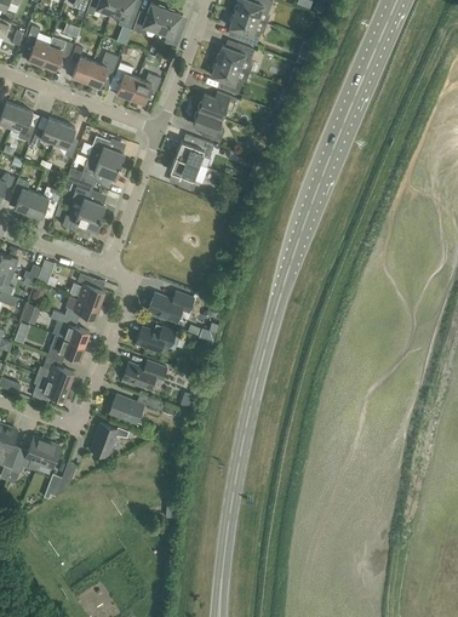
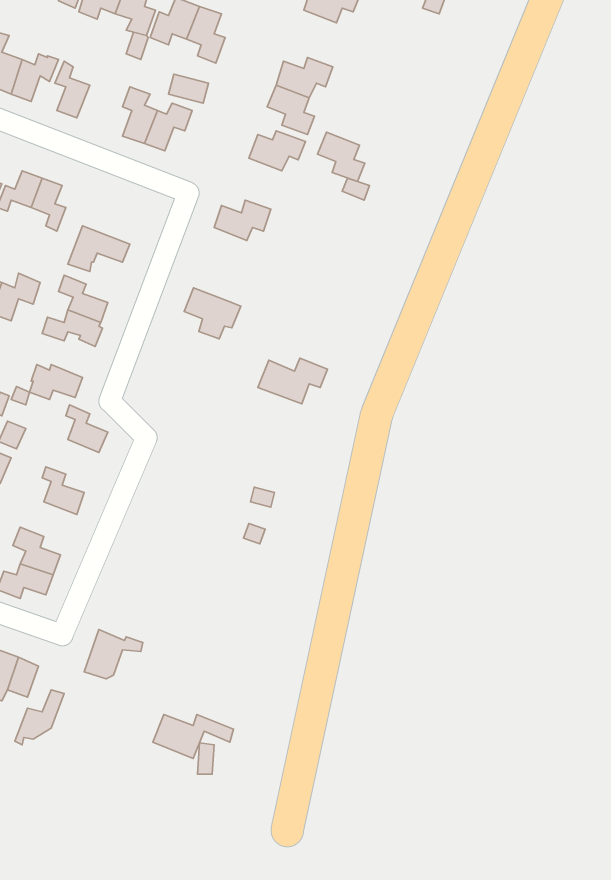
building: [229,11,261,45] -> none
building: [85,51,119,88] -> none
building: [193,109,224,142] -> [317,132,365,182]
building: [88,136,125,166] -> none
building: [170,155,207,189] -> [184,288,241,339]
building: [148,291,194,321] -> [258,358,327,404]
building: [64,296,99,319] -> [29,365,82,399]
building: [136,326,176,353] -> none
building: [47,333,85,360] -> none
building: [122,359,166,388] -> none
building: [109,394,162,423] -> [153,715,233,759]

